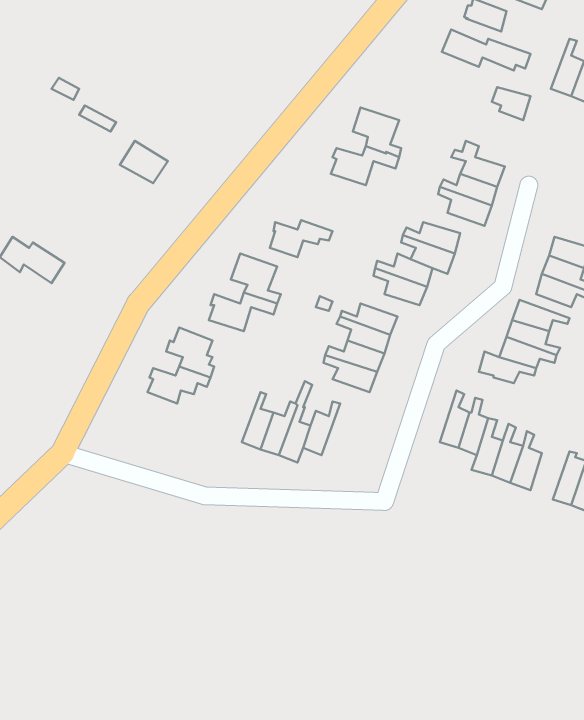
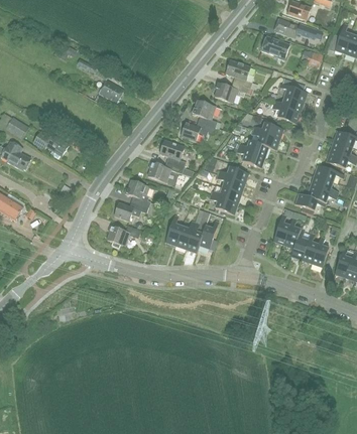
building: none -> [262,35,289,57]
building: none -> [191,100,217,127]
building: none -> [107,225,140,248]

